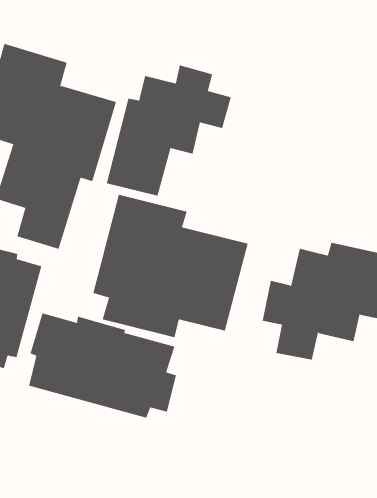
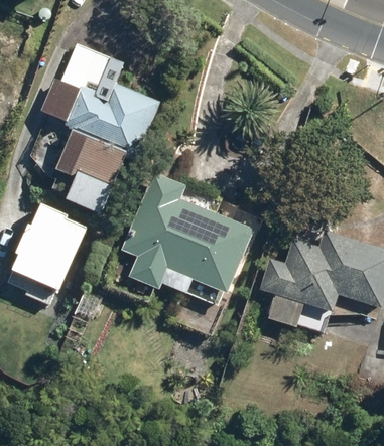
building: [106,64,231,197] -> none
building: [28,312,177,418] -> none

